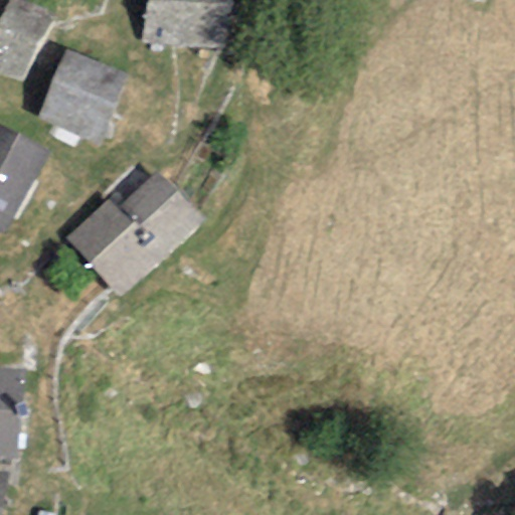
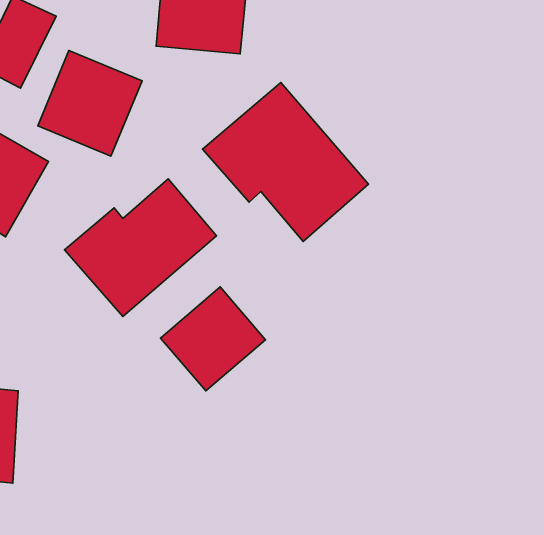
building: none -> [203,83,369,241]
building: none -> [161,287,265,391]

